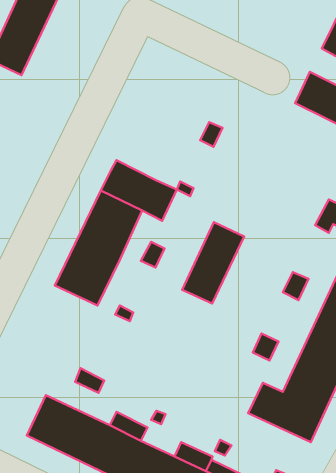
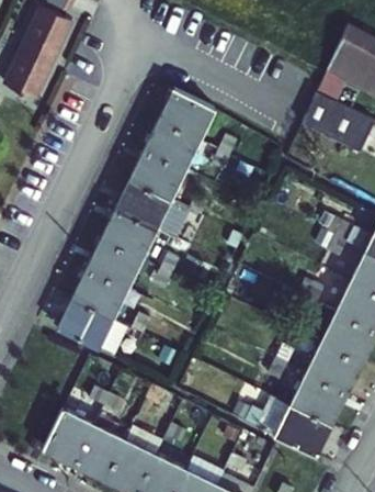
building: none -> [128,90,212,201]
building: [182,222,244,303] -> none
building: none -> [55,304,124,357]

